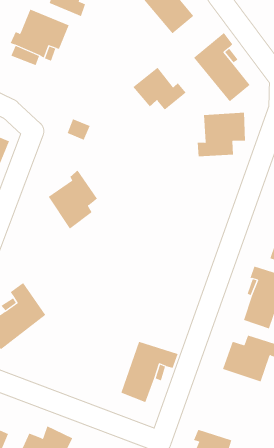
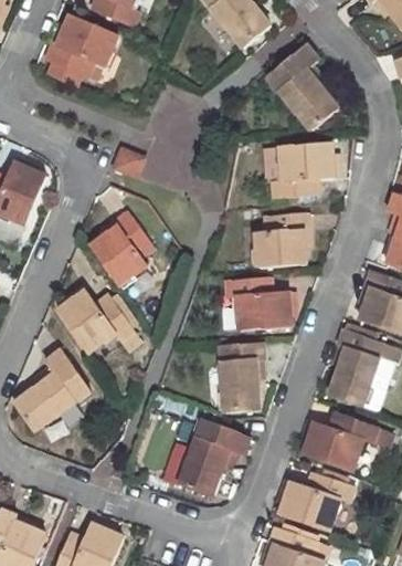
building: [132,67,186,111] -> none
building: none -> [257,212,308,265]
building: none -> [225,277,292,327]
building: none -> [59,290,141,359]
building: none -> [220,340,263,412]
building: none -> [282,472,356,531]

